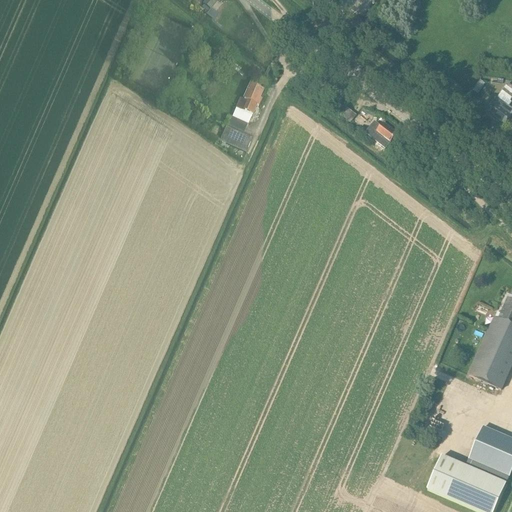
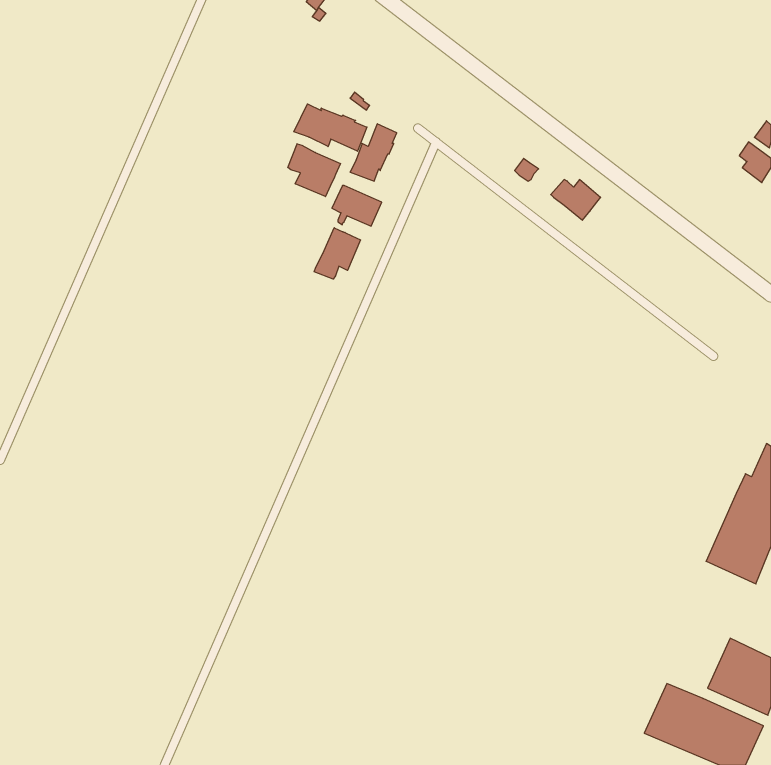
building: none -> [294,104,367,151]
building: none -> [288,144,341,197]
building: none -> [314,228,361,279]

